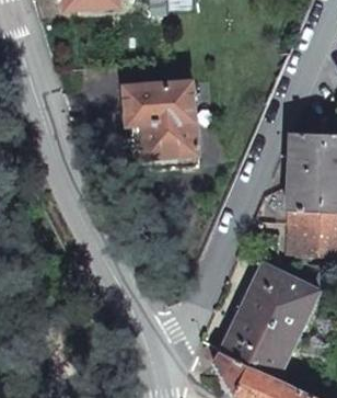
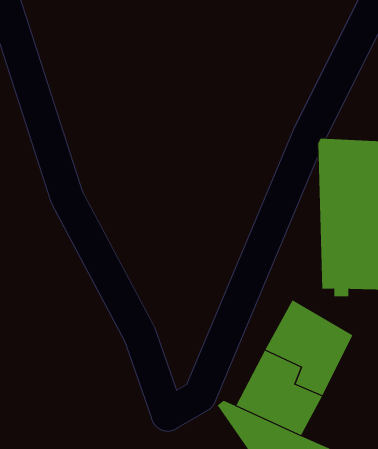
building: [133,83,206,172] -> none

